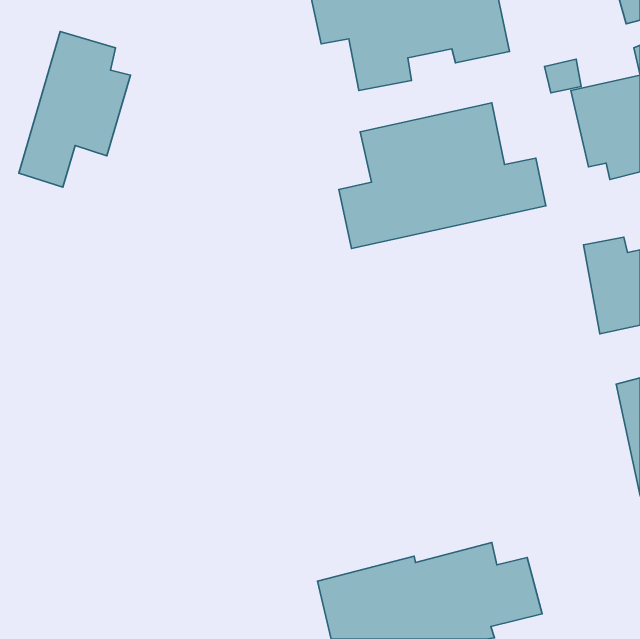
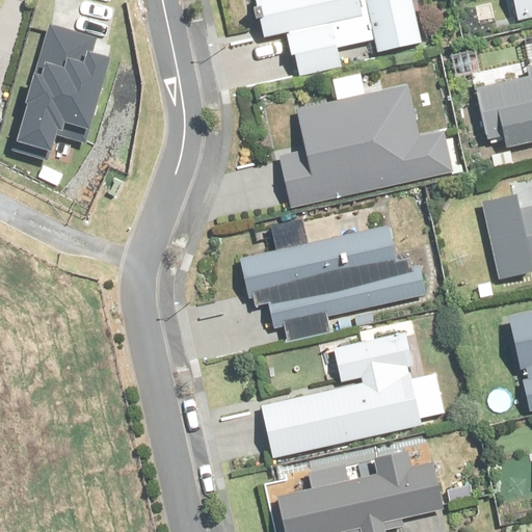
building: none -> [242,224,426,342]
building: none -> [262,331,422,457]

